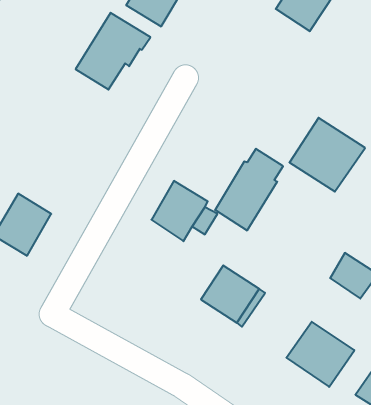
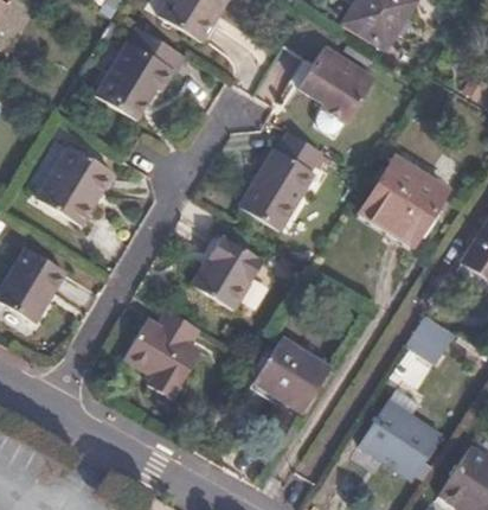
building: none -> [296,45,372,122]
building: none -> [40,146,116,225]
building: [215,149,283,230] -> [236,130,319,230]
building: none -> [120,306,197,396]

